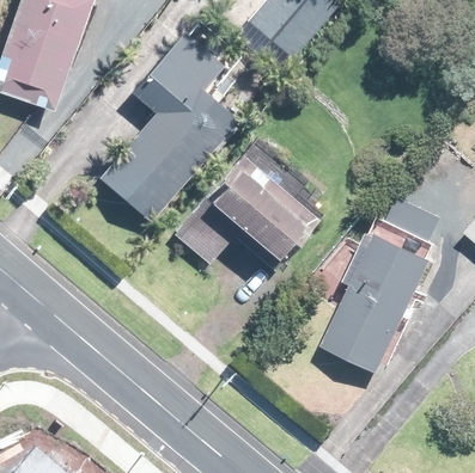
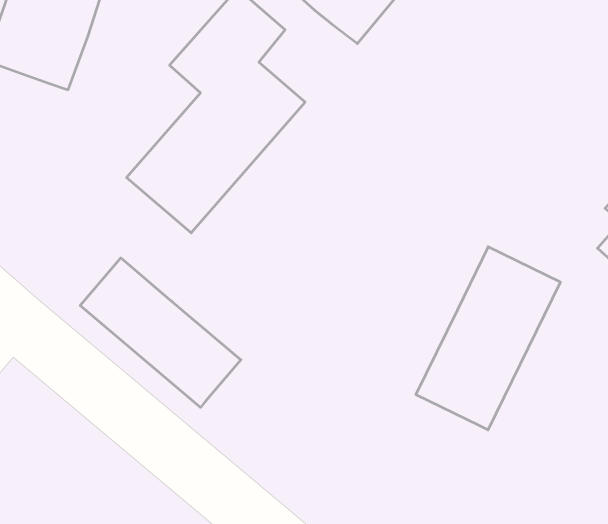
building: [173,146,311,268] -> none
building: none -> [80,258,241,407]

